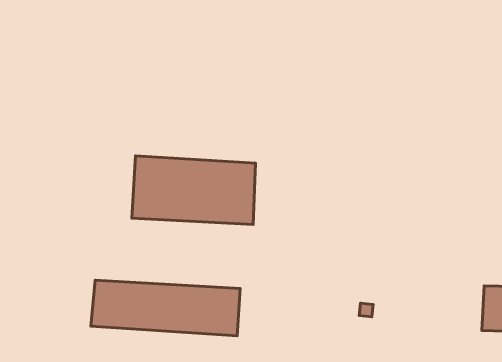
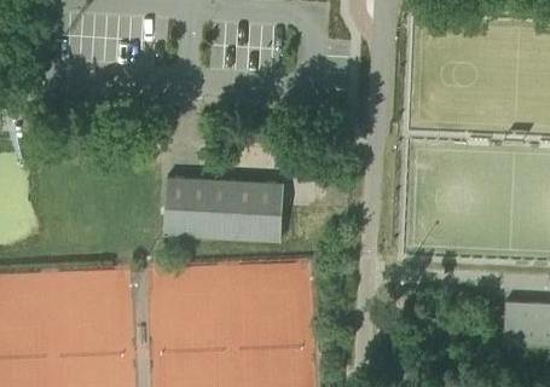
building: [91,280,240,336] -> none

